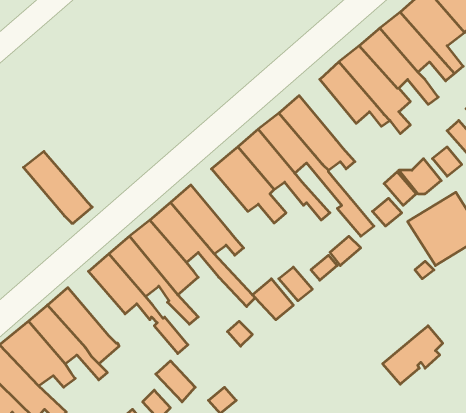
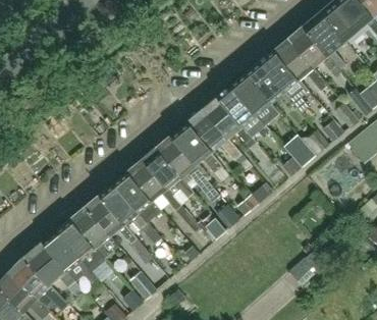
building: none -> [230,74,274,116]
building: [23,151,92,223] -> [69,208,117,258]
building: none -> [155,137,219,203]

